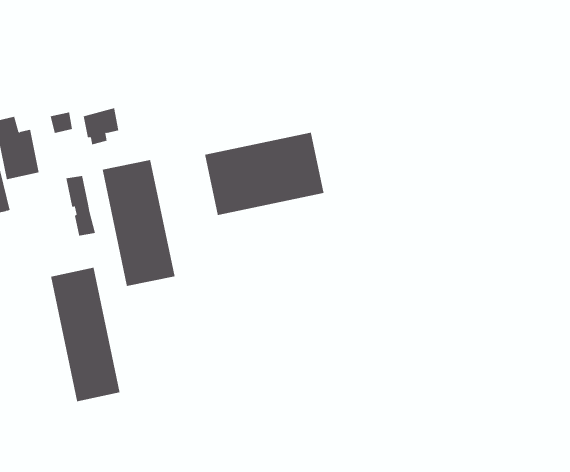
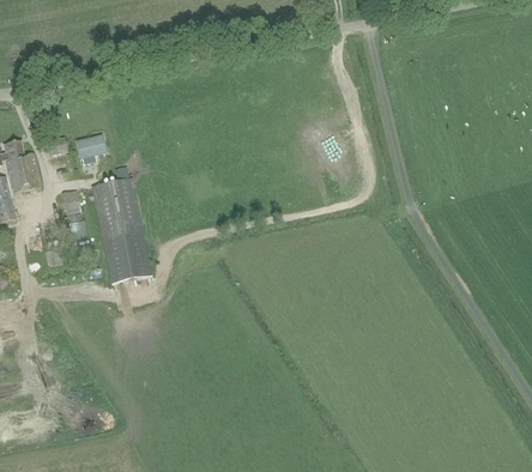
building: [204,132,324,216] -> none
building: [50,267,120,402] -> none

